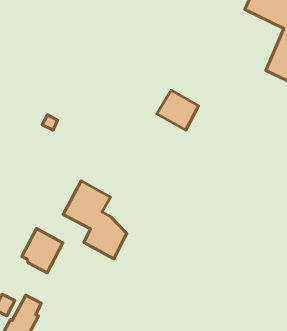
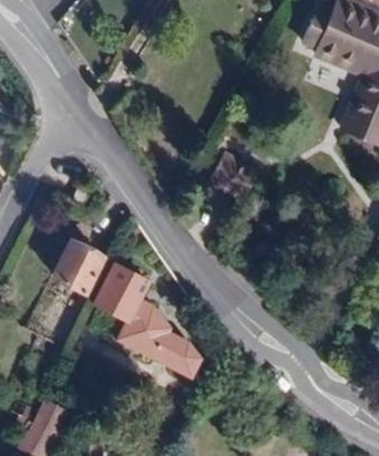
building: [22,228,63,273] -> [53,238,103,292]
building: none -> [154,330,203,375]

